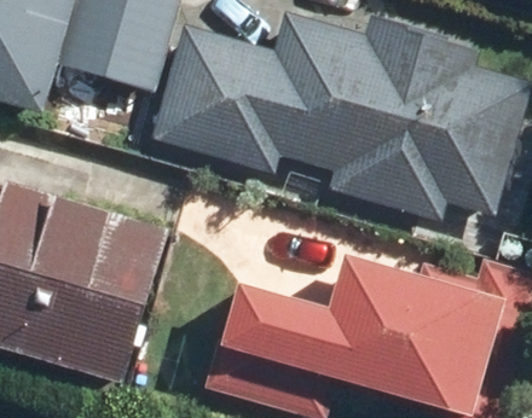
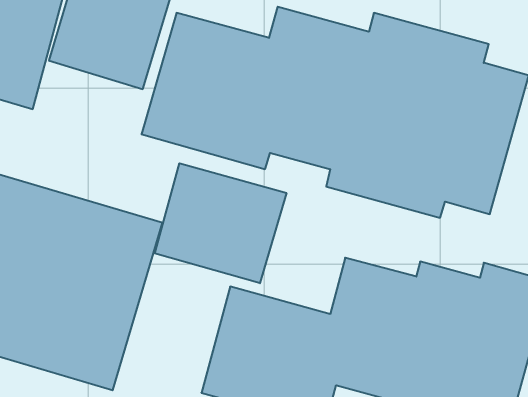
building: none -> [155,163,286,283]

